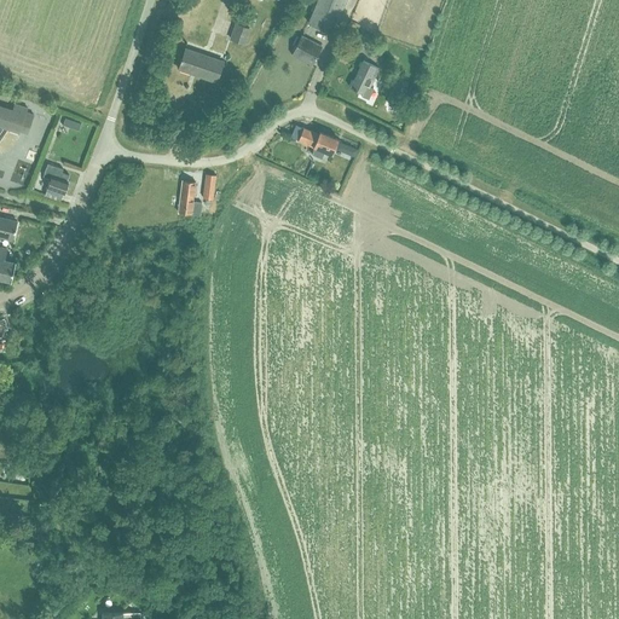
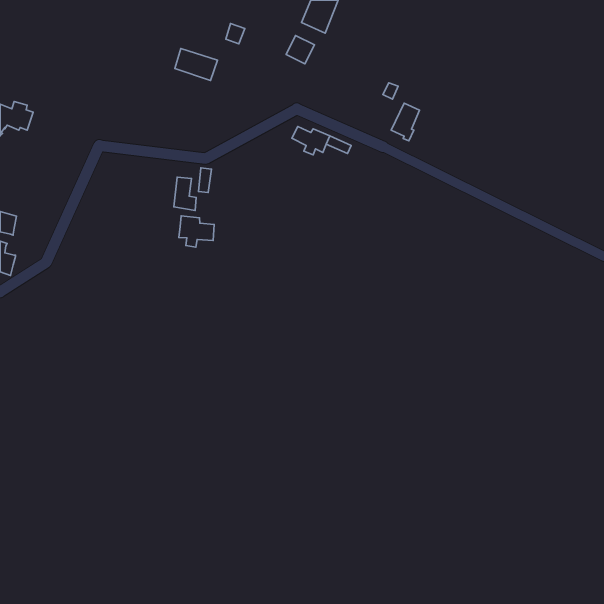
building: [349,60,378,99] -> [391,103,420,141]
building: [41,161,70,201] -> none
building: none -> [179,216,214,247]

